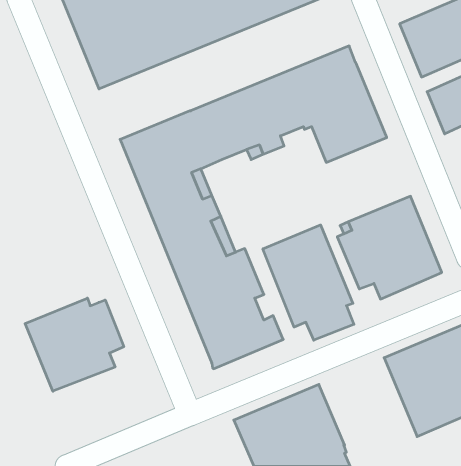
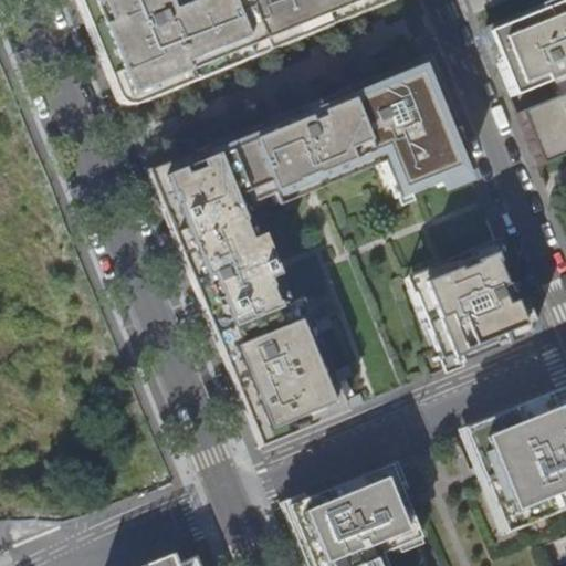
building: [263,225,354,340] -> none
building: [25,298,124,391] -> none

